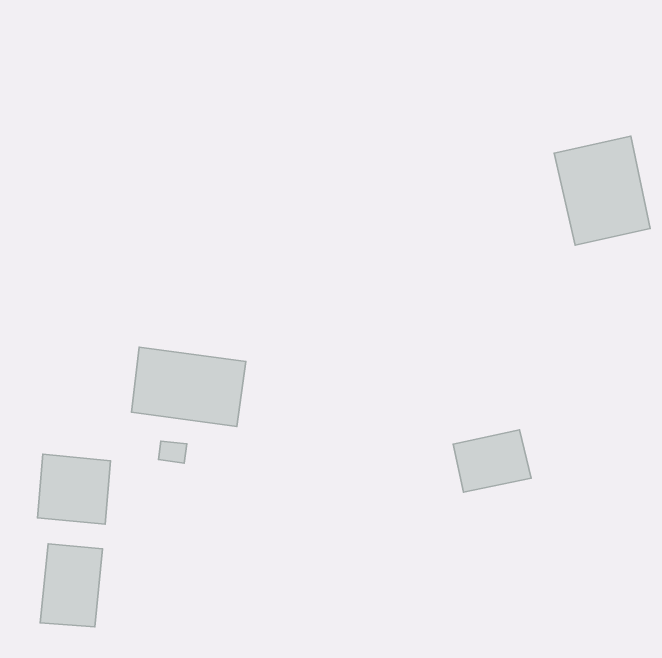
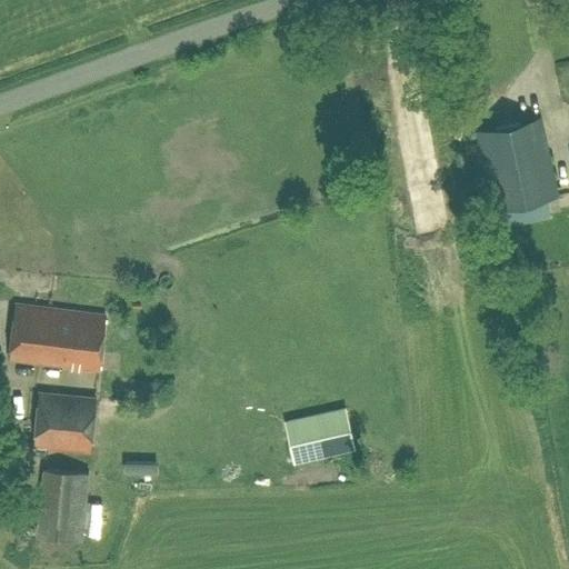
building: [132,347,246,426] -> [8,306,106,373]
building: [453,430,531,492] -> [287,409,353,462]

